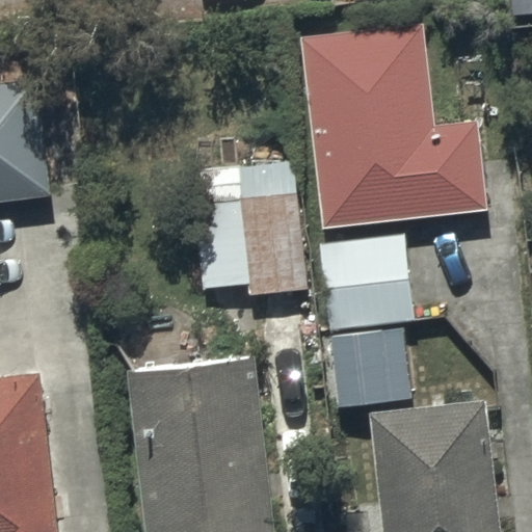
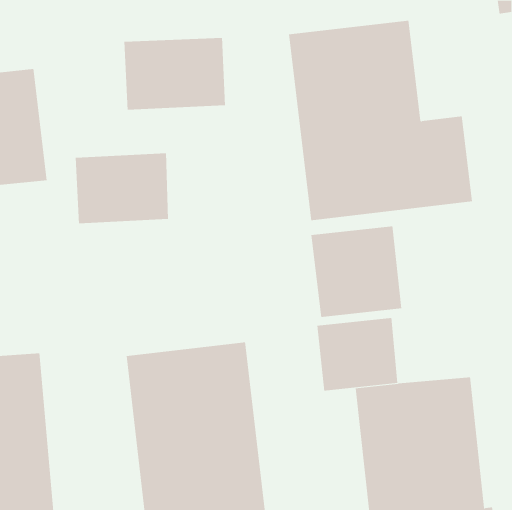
building: none -> [124,37,226,111]
building: [193,159,304,296] -> none
building: none -> [75,152,169,224]

